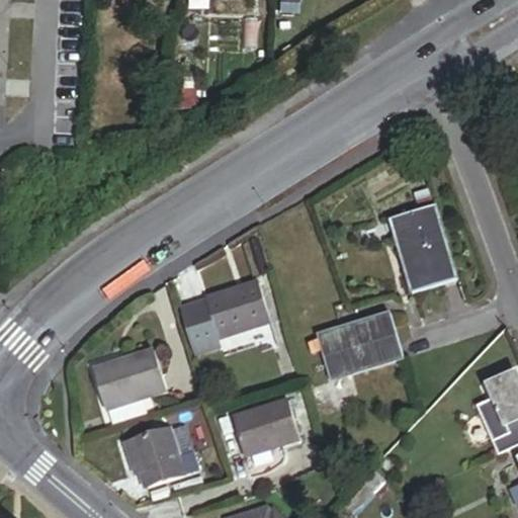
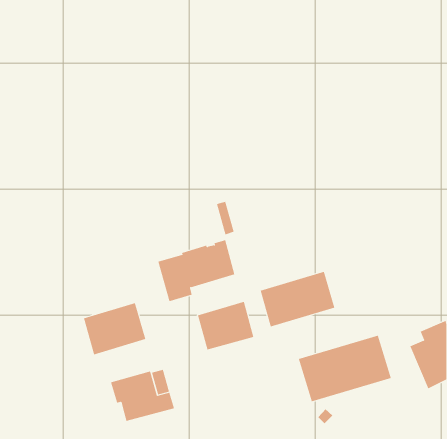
building: [387,202,453,288] -> none
building: none -> [298,335,392,402]
building: [234,403,299,459] -> [197,301,254,350]

